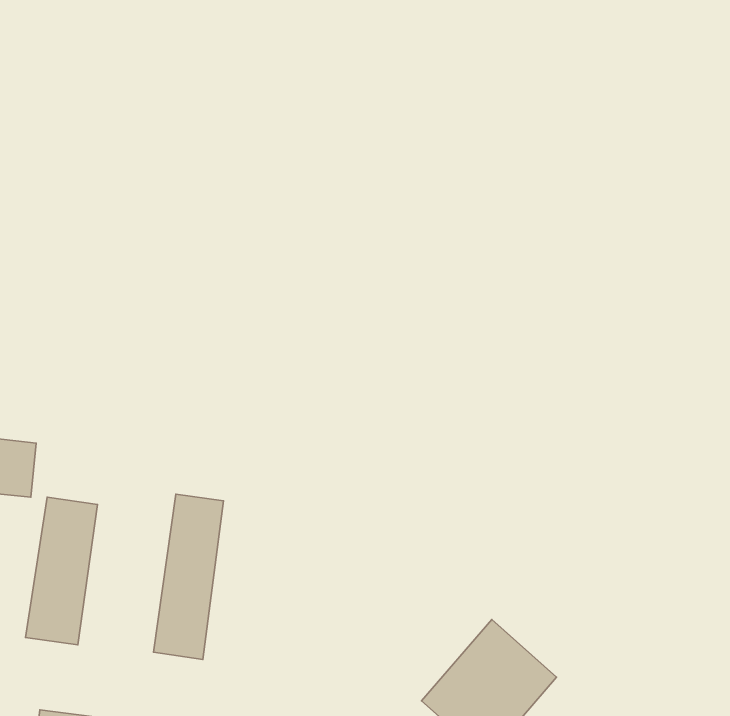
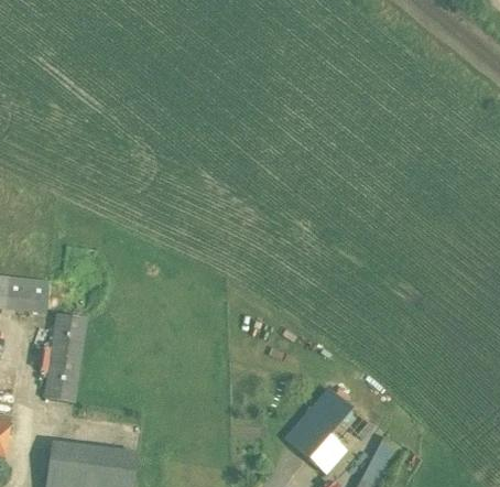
building: [154,494,224,659] -> none

